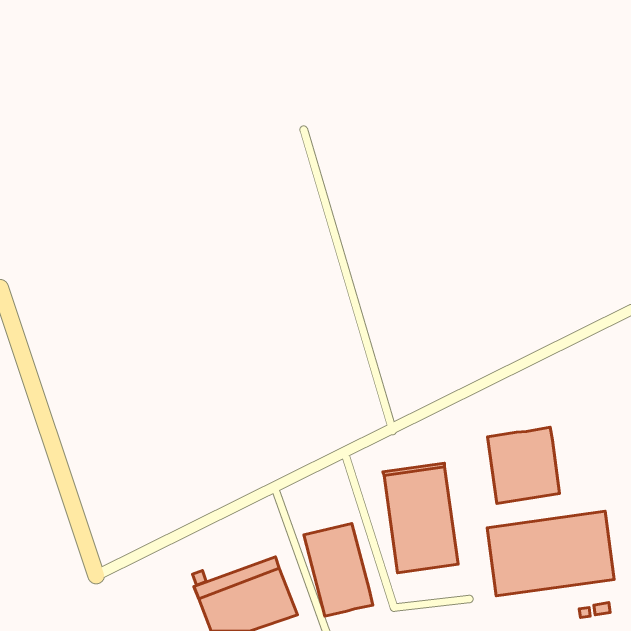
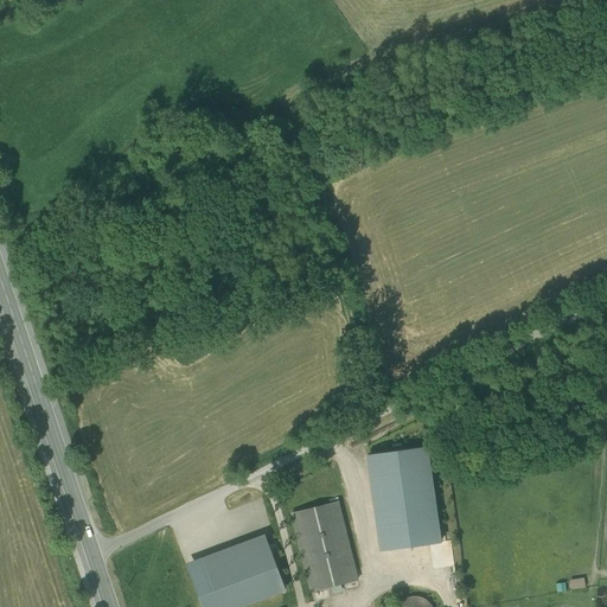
building: [488,427,560,503] -> none
building: [487,511,614,596] -> none

